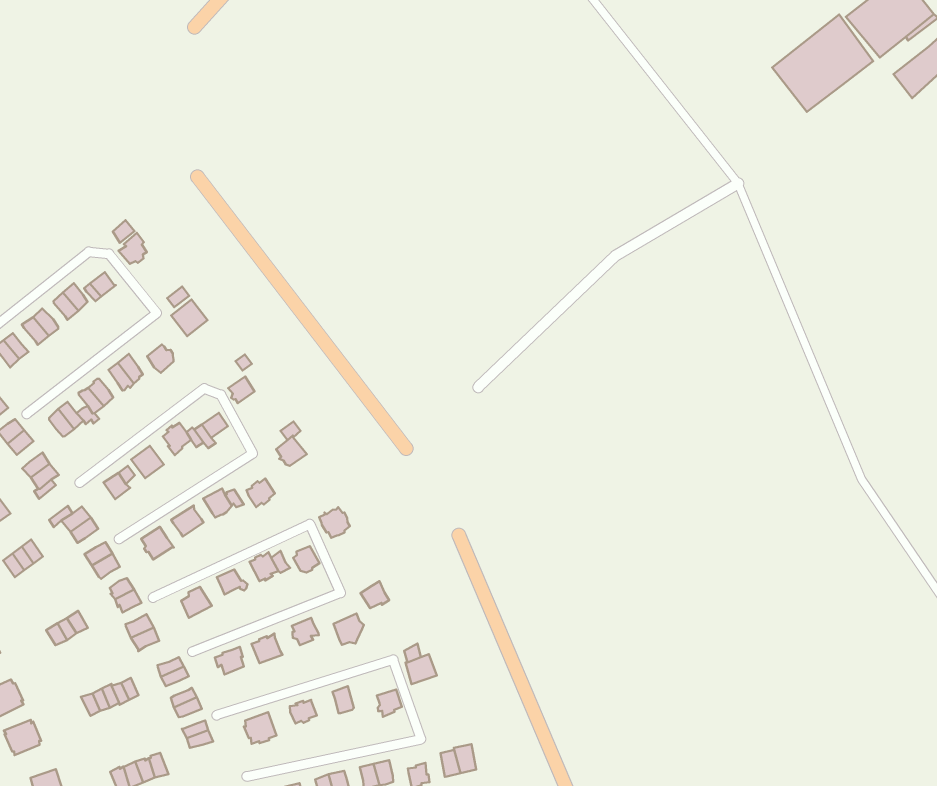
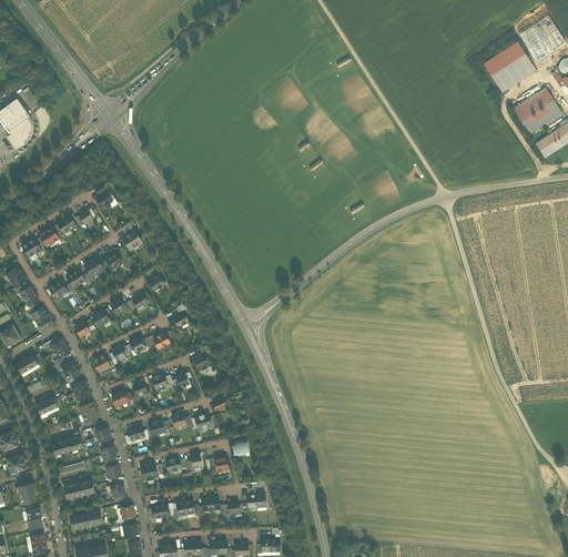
building: [772,15,873,112] -> none

